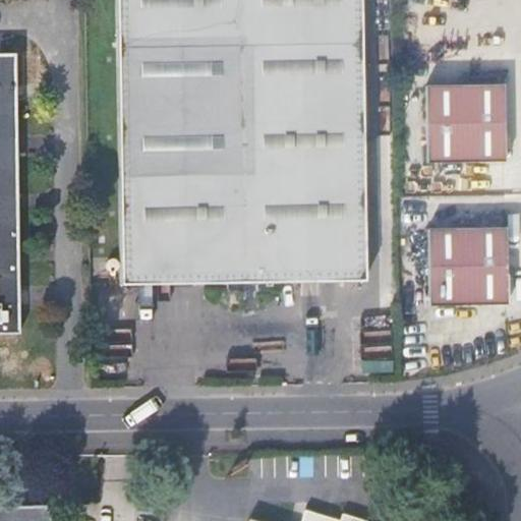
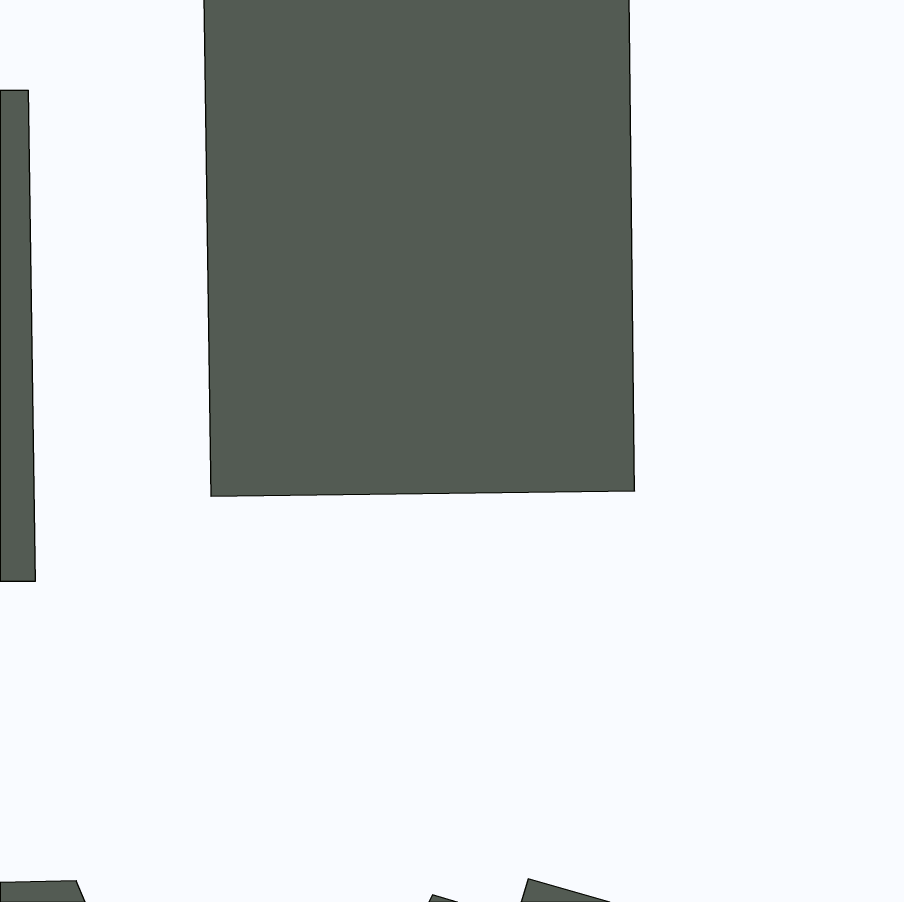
building: [427,80,506,161] -> none
building: [427,227,507,306] -> none

